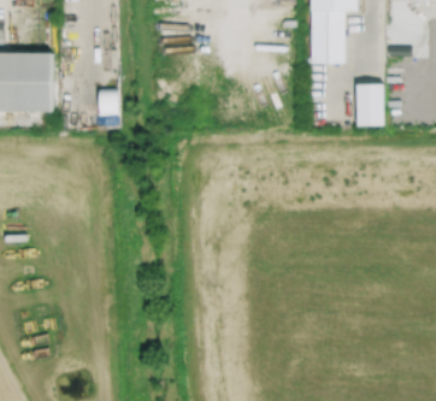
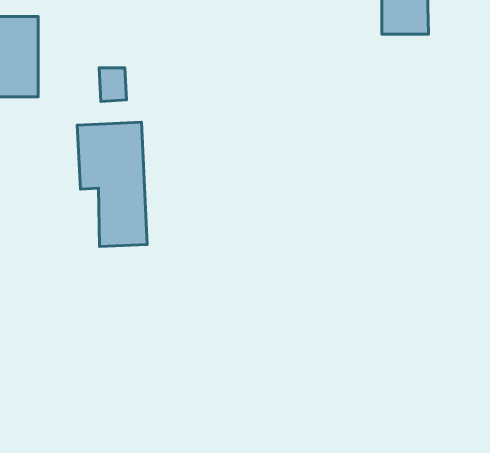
building: [357,83,383,128] -> none
building: none -> [77,122,147,247]

